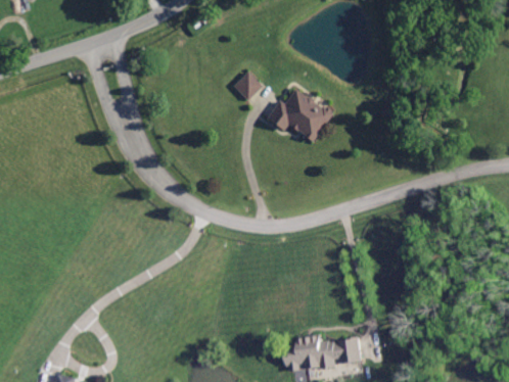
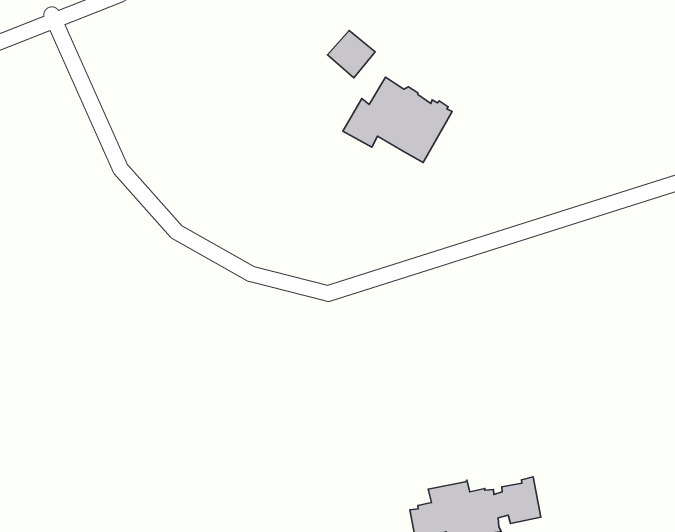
building: [232,71,261,100] -> [328,30,375,78]

